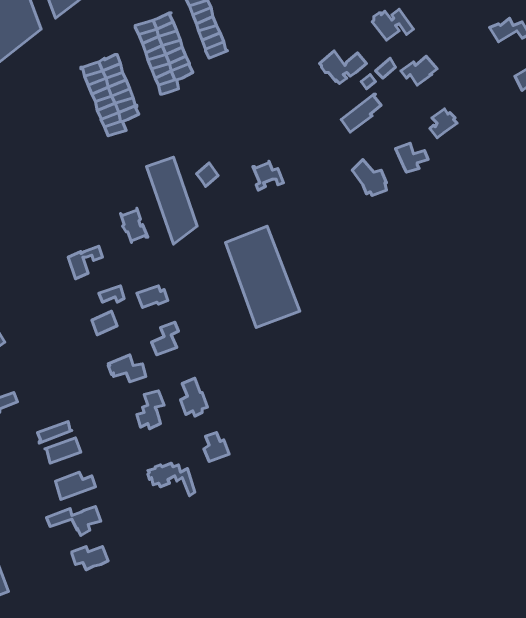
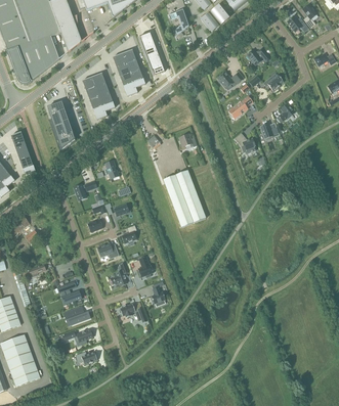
building: [147,157,197,244] -> [46,100,75,149]

